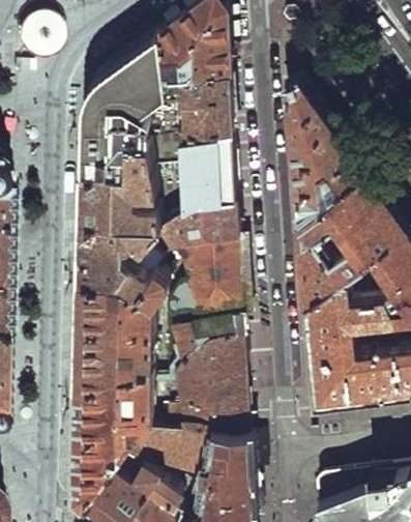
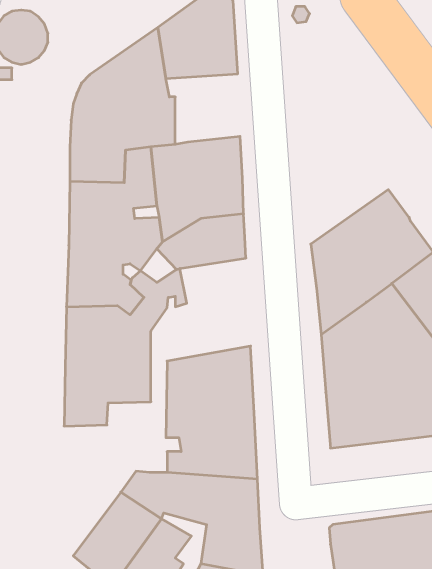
building: [167,77,233,138] -> none
building: [284,88,365,229] -> none
building: [168,241,242,334] -> none
building: [74,370,153,508] -> none

